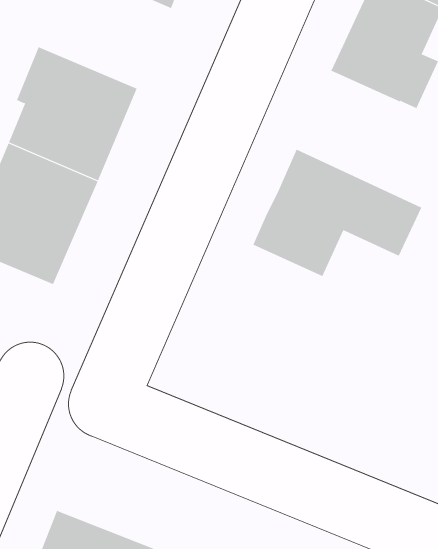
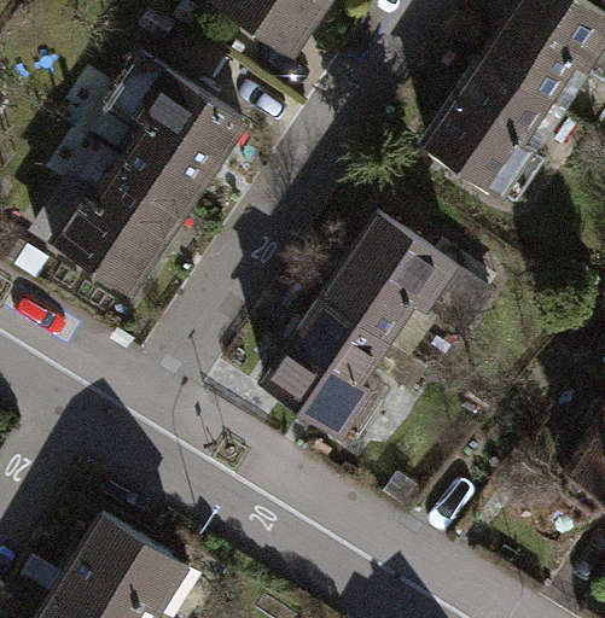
building: none -> [270,292,391,437]

